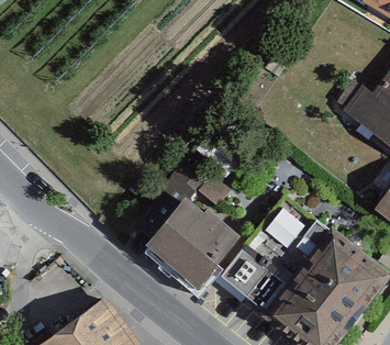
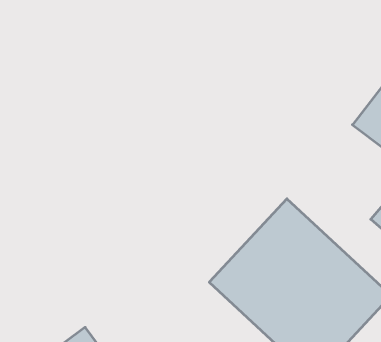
building: [138,192,229,281] -> none

